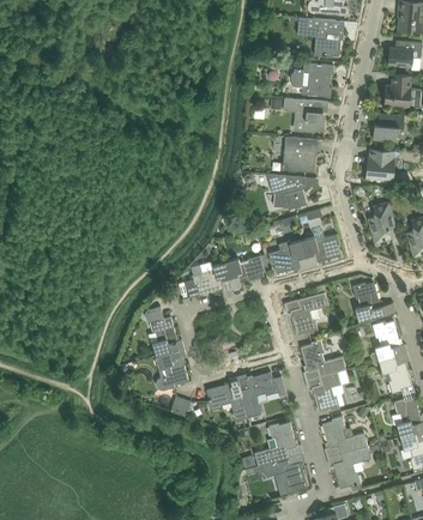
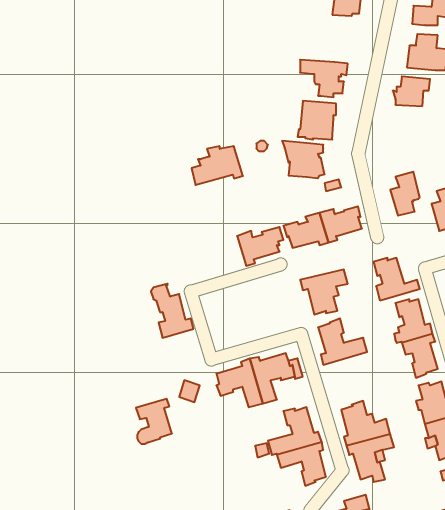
building: [290,62,332,97] -> none
building: [363,149,394,181] -> none
building: [185,262,232,298] -> [192,146,243,185]
building: [155,349,188,391] -> [136,399,172,444]
building: [304,373,343,412] -> none

